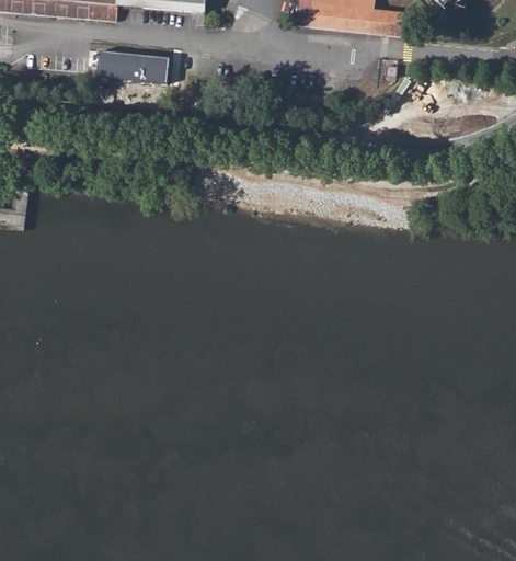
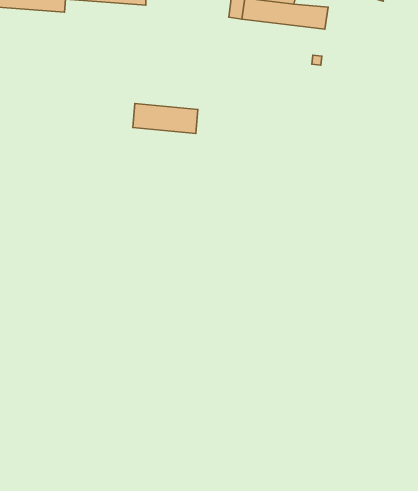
building: [98,49,169,82] -> [133,103,198,134]

